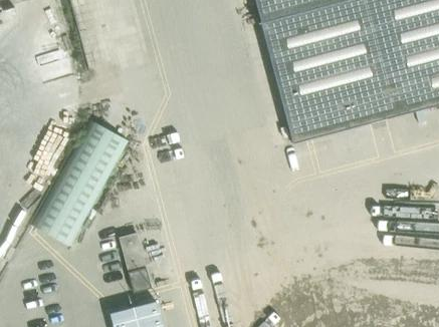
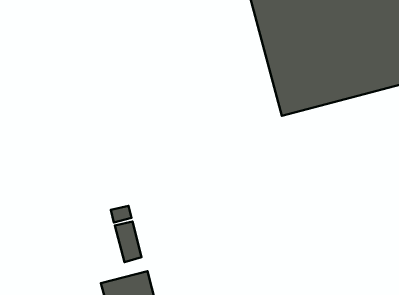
building: [32,119,130,246] -> none

